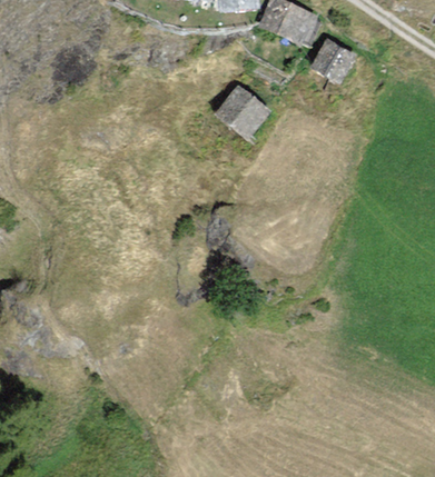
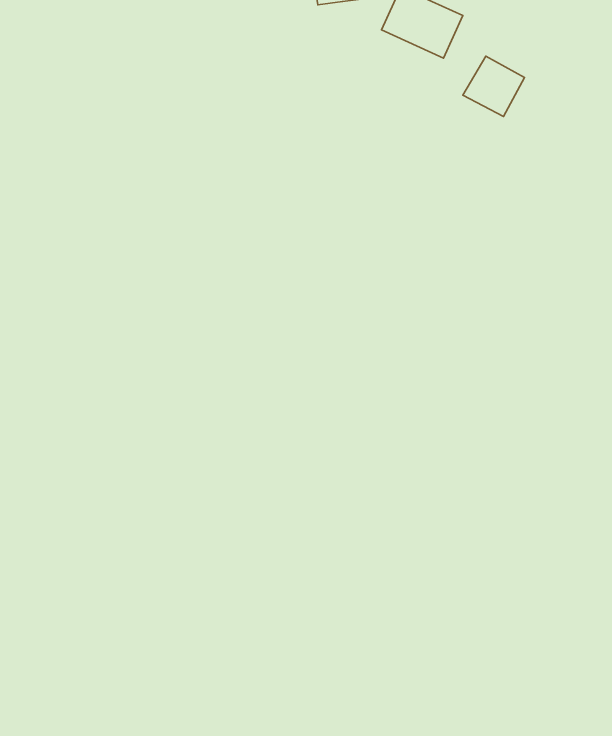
building: [219,87,265,132] -> none

